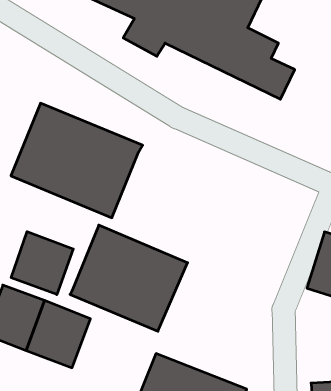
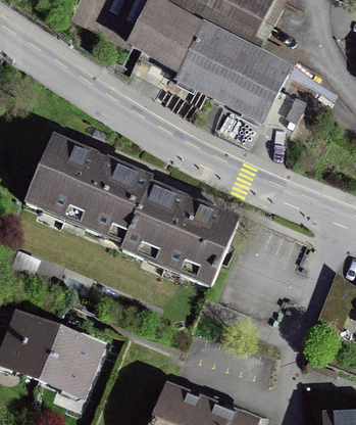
building: [70,225,188,331] -> [121,182,239,288]
building: [11,232,73,295] -> none

